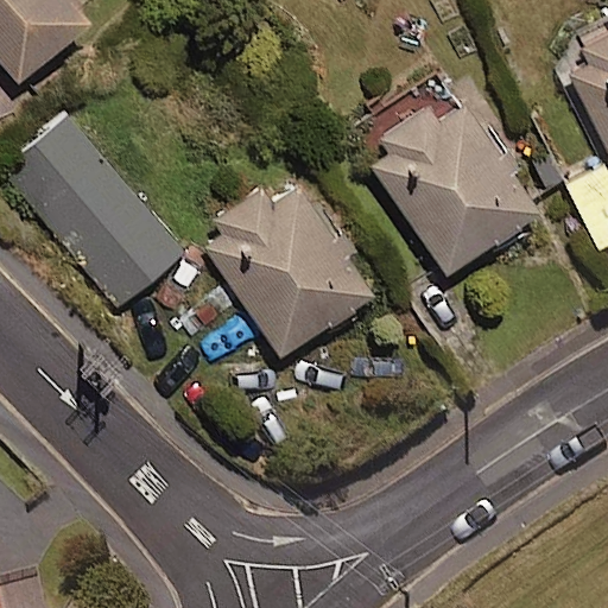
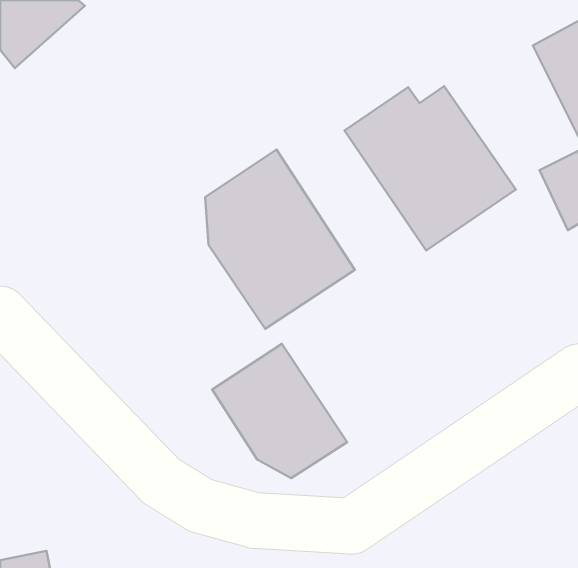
building: [15,120,184,311] -> none
building: none -> [212,344,347,478]

